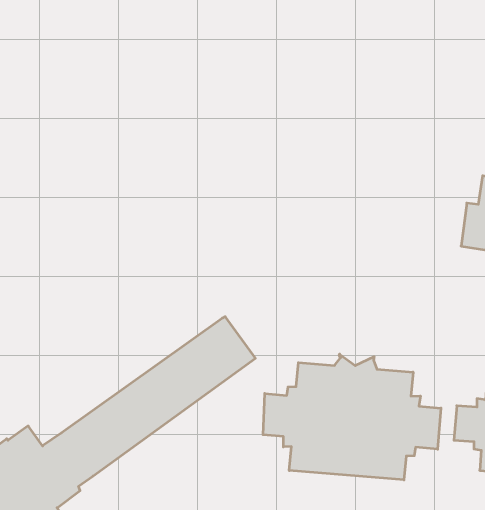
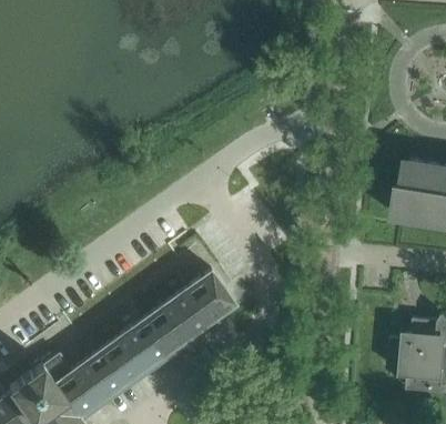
building: [263,354,441,480] -> none

